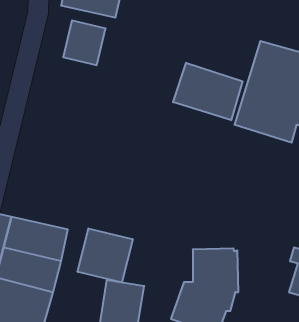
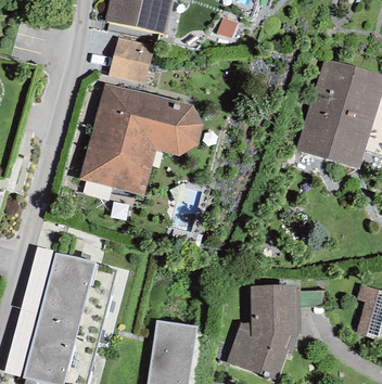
building: [173,63,243,120] -> none
building: none -> [79,84,203,195]
building: [78,228,133,283] -> none

